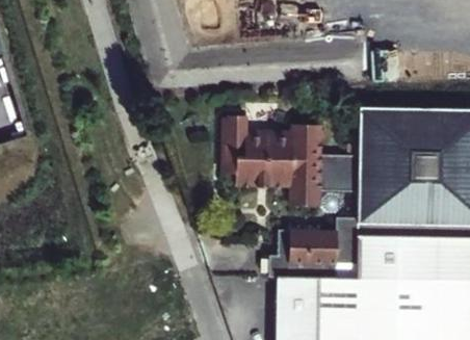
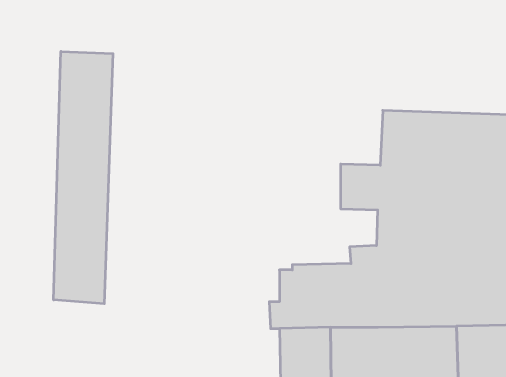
building: none -> [54,51,113,304]
building: [224,113,323,214] -> none

